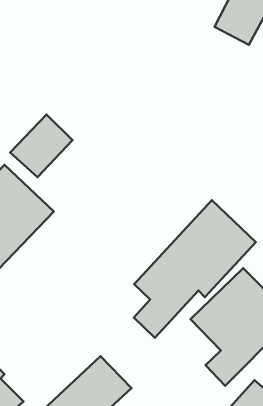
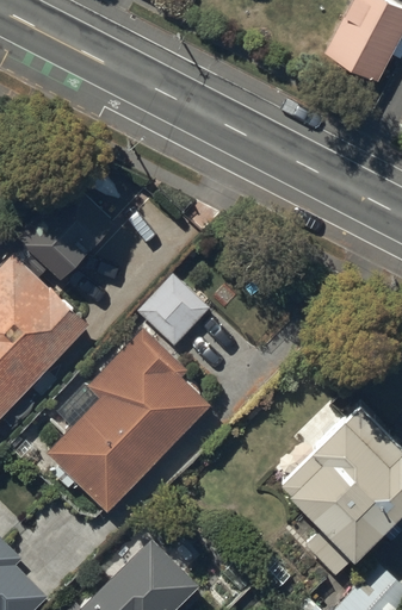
building: none -> [142,279,208,343]
building: [134,200,256,338] -> none
building: none -> [47,332,210,512]

